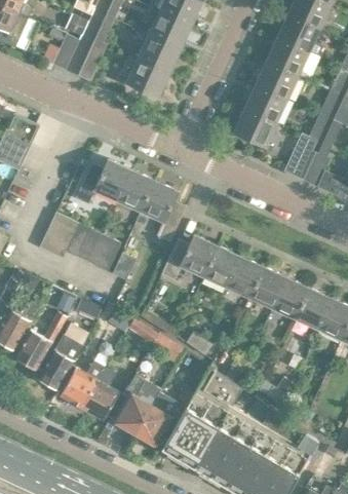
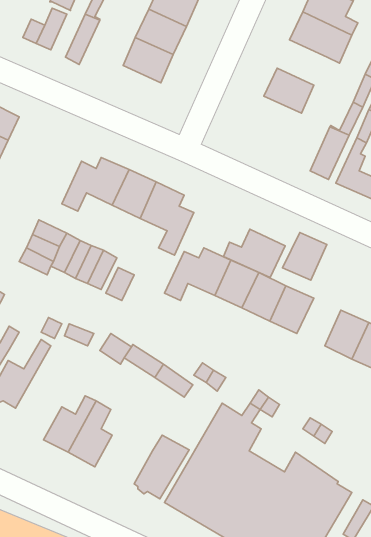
building: [256,62,298,100] -> none
building: [231,109,276,147] -> none
building: none -> [223,229,285,277]
building: [272,278,309,318] -> [283,232,327,280]
building: [37,336,82,390] -> none
building: [114,375,151,434] -> none

